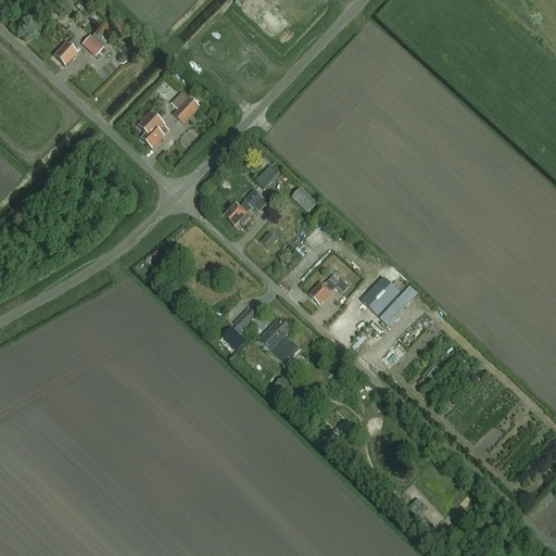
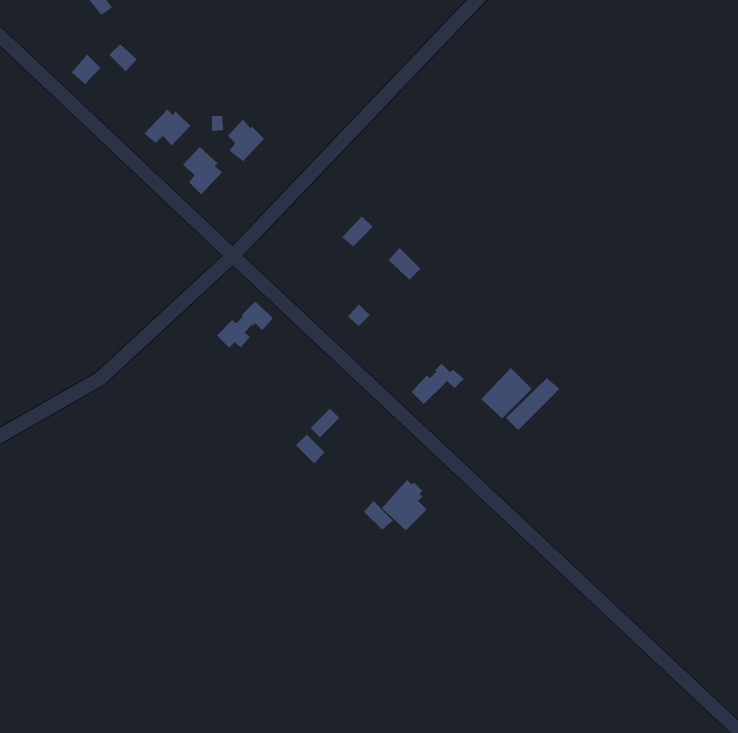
building: none -> [144,108,191,146]
building: [224,188,267,224] -> [216,301,274,348]
building: [257,317,292,356] -> [381,479,428,531]

